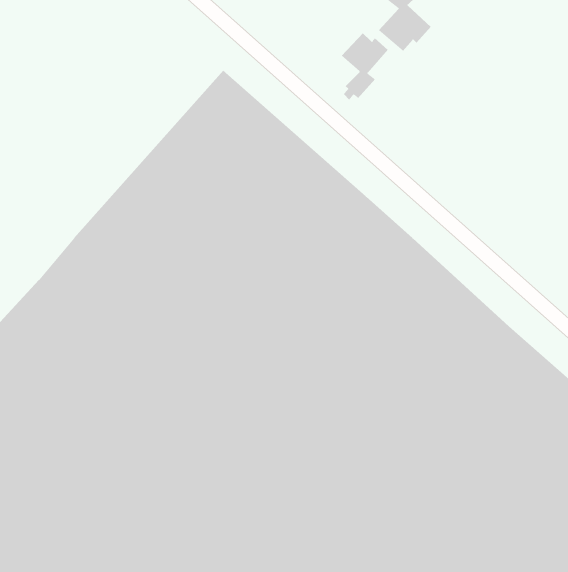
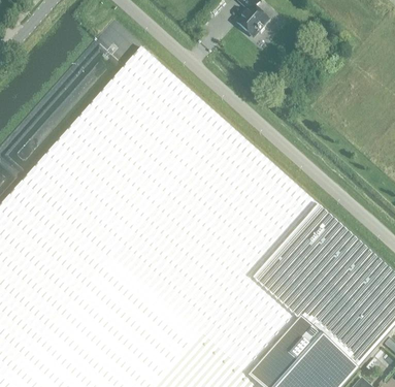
building: [341,33,388,101] -> none

